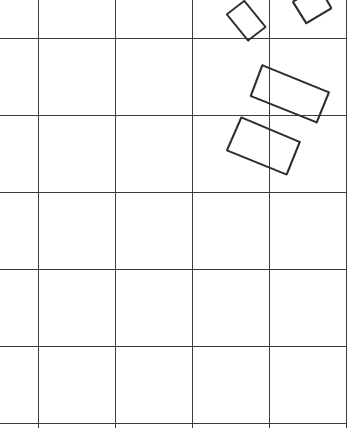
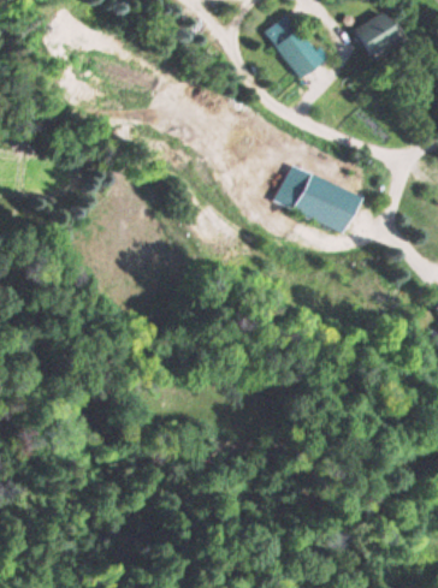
building: [251,65,329,123] -> none

